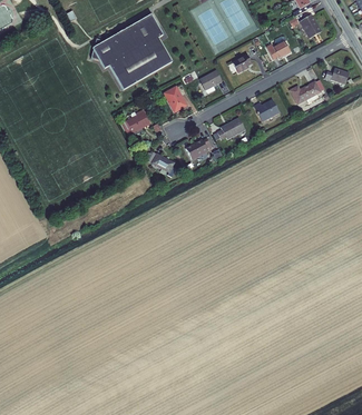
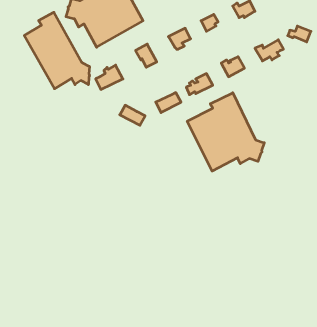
building: none -> [24,12,89,89]
building: none -> [187,93,264,171]

